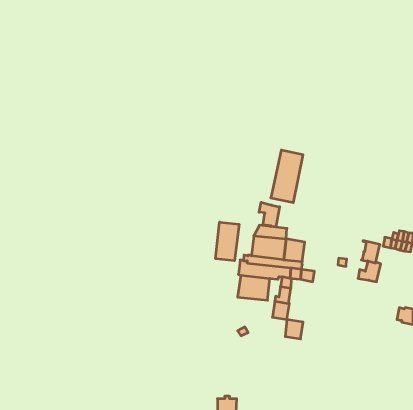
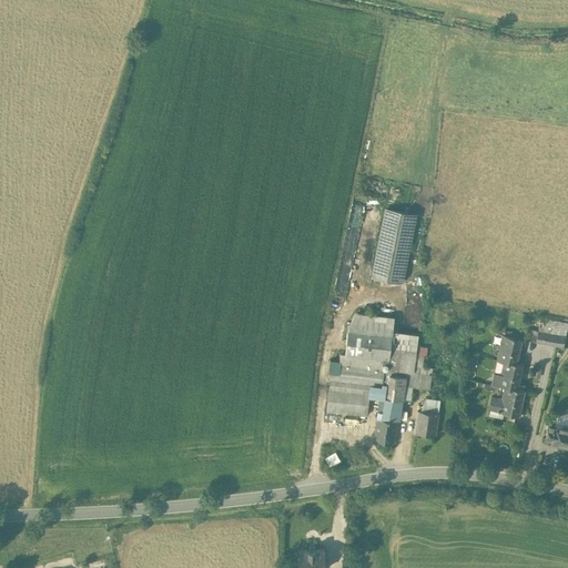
building: [259,202,280,227] -> none
building: [216,222,239,261] -> none
building: none -> [489,388,525,419]
building: [285,320,303,339] -> [415,410,439,437]

